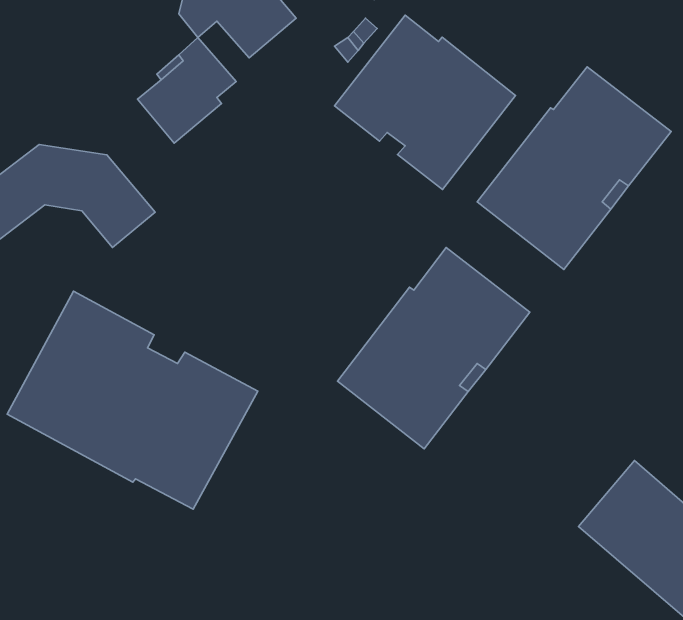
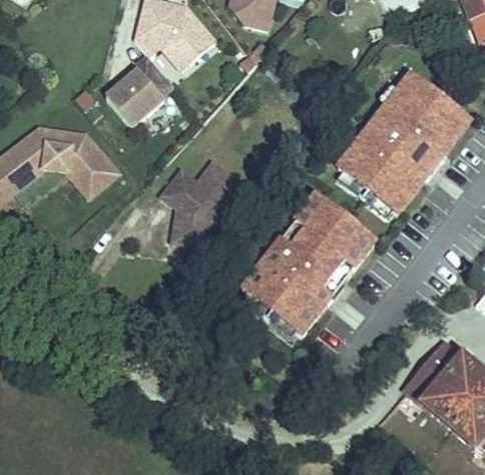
building: [335,15,516,190] -> none
building: none -> [160,160,239,246]
building: [7,291,258,509] -> none

